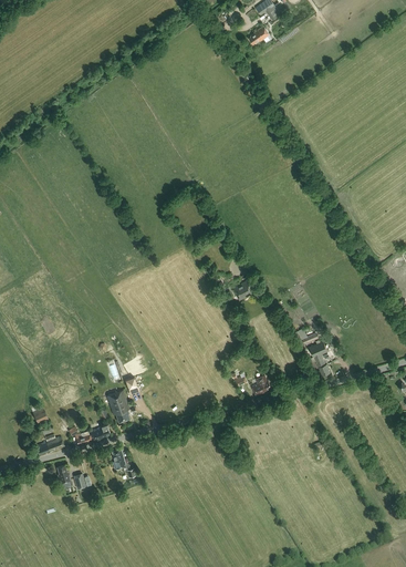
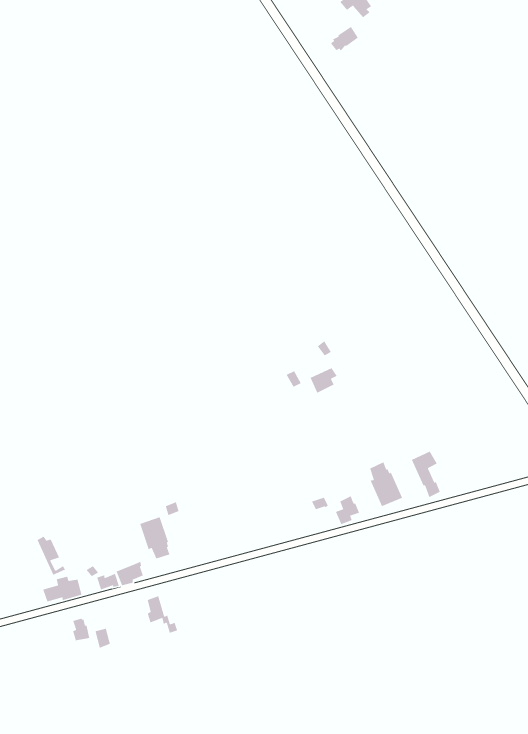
building: none -> [369,461,403,507]

